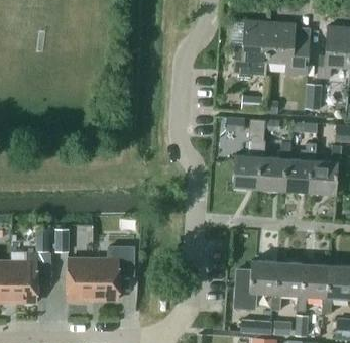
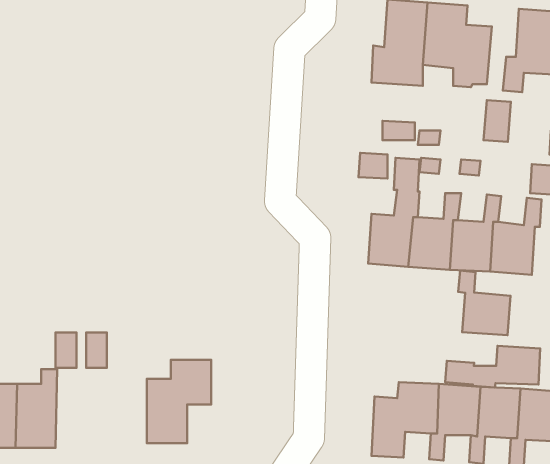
building: none -> [458,270,511,335]
building: none -> [445,346,540,388]
building: [68,259,94,300] -> none

